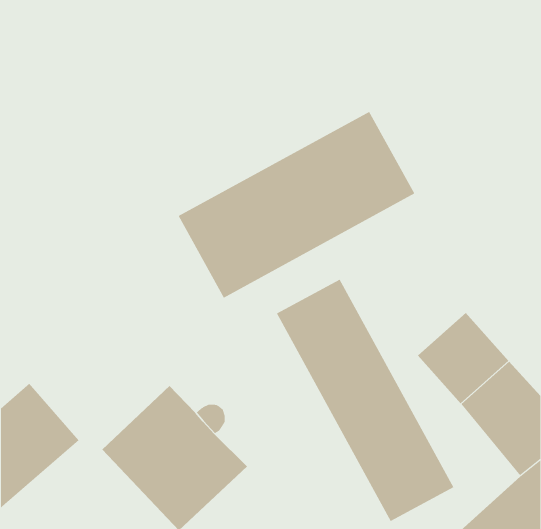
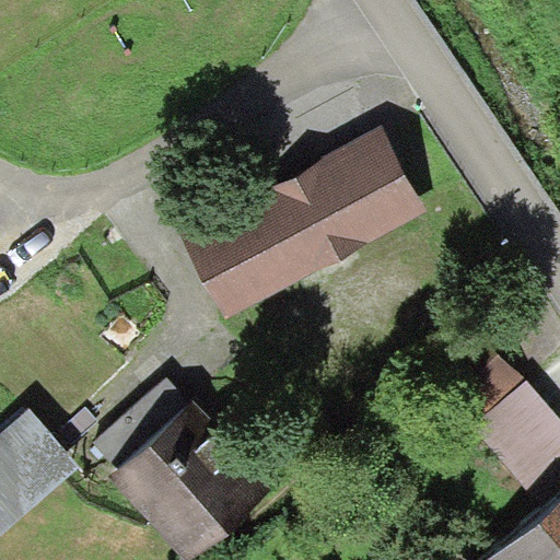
building: [276,279,454,522] -> none

